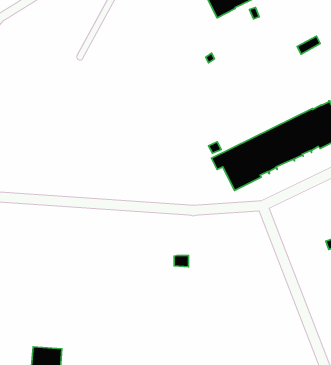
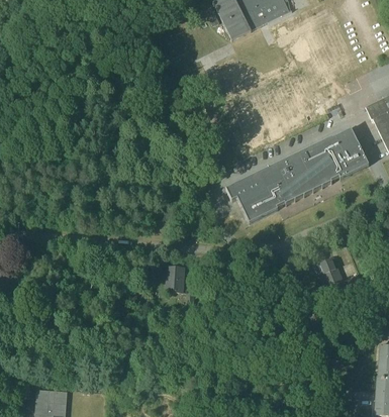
building: none -> [316,256,343,287]
building: none -> [166,266,184,292]

